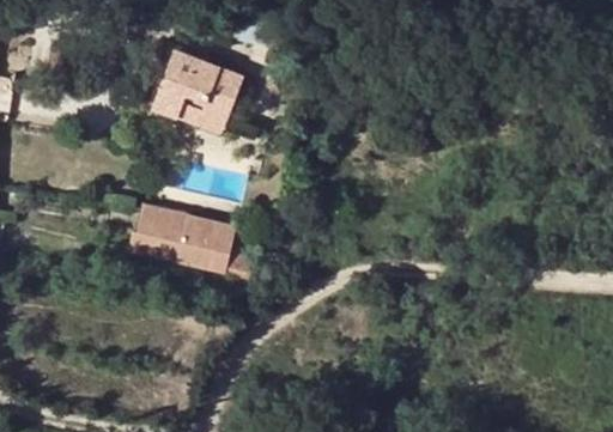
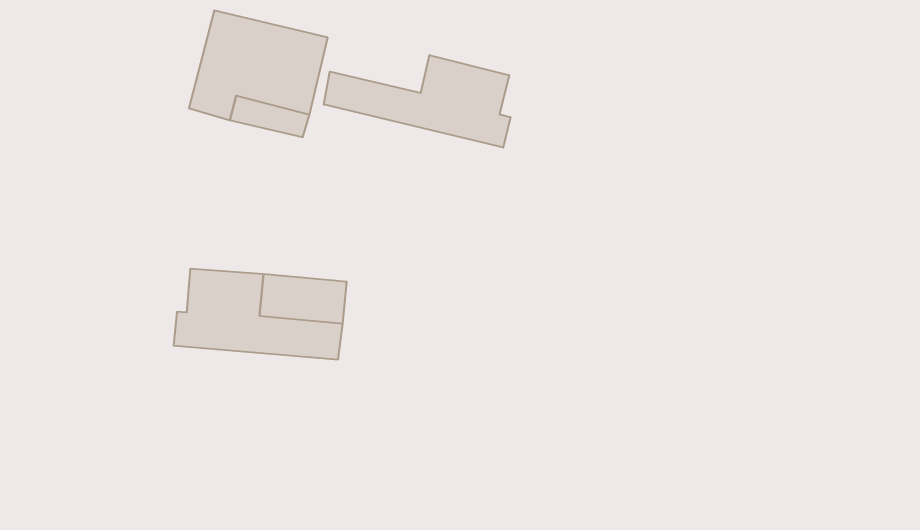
building: none -> [324,55,510,148]

